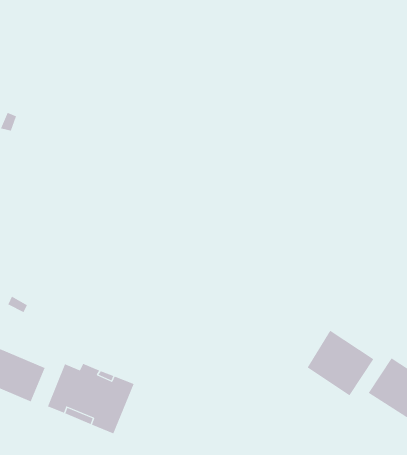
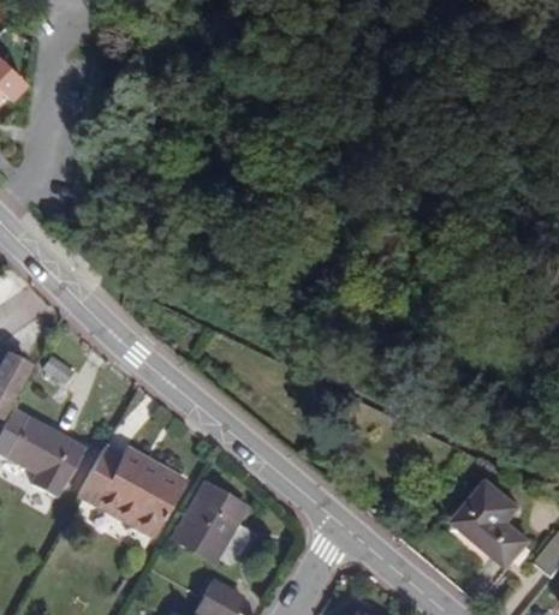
building: [307,330,374,396] -> none
building: none -> [170,483,246,561]

